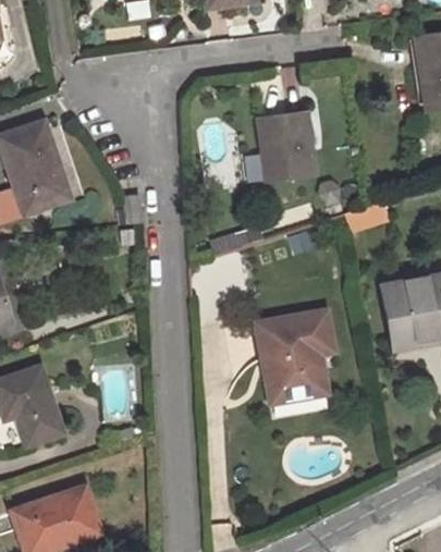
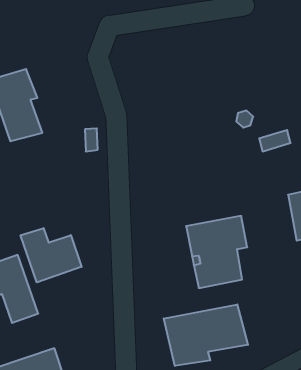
building: [260,113,319,180] -> none
building: none -> [21,228,82,282]
building: none -> [164,304,248,366]

